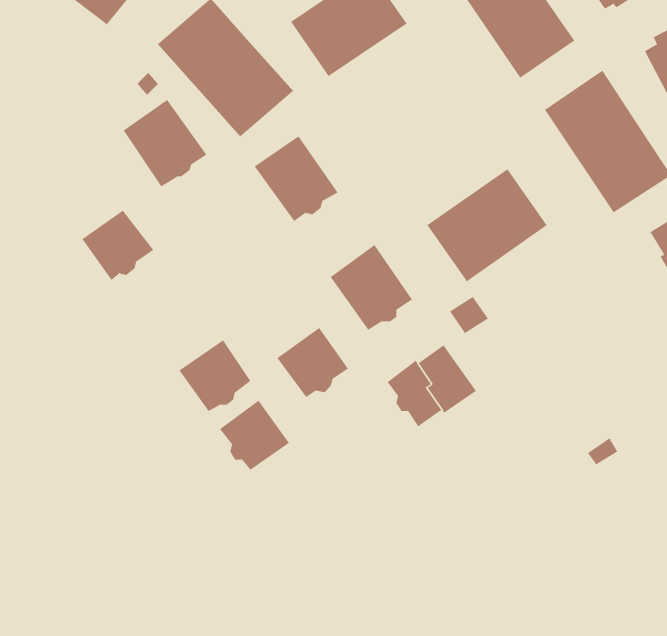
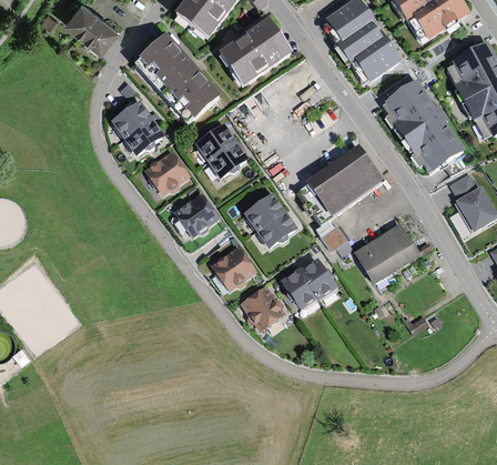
building: [82,210,154,281] -> [144,150,191,195]
building: none -> [352,223,418,282]
building: [179,339,251,412] -> [172,191,219,237]
building: [219,400,290,470] -> [240,285,285,331]

